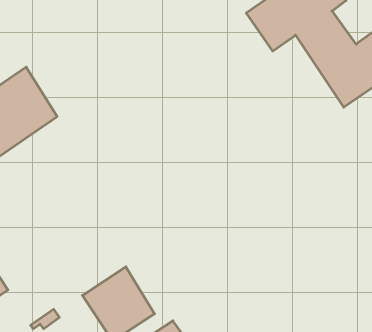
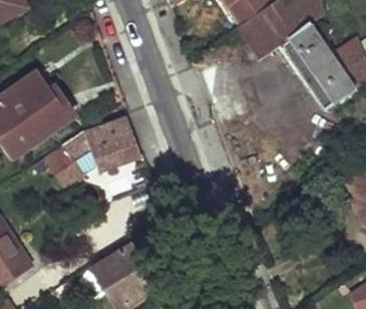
building: none -> [45,120,141,189]

